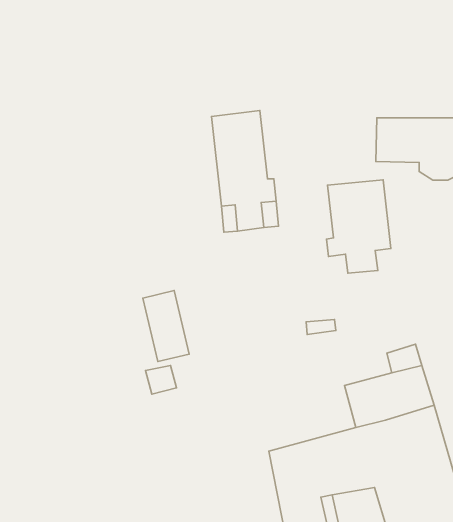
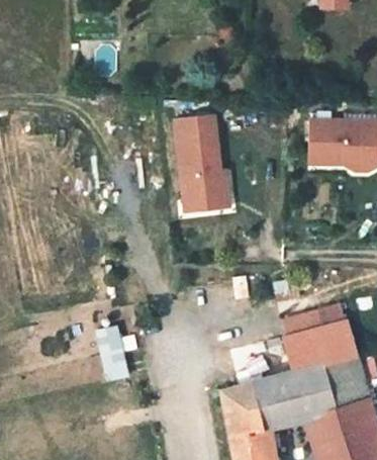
building: [327,180,391,273] -> none
building: [143,291,189,362] -> [94,325,131,382]

